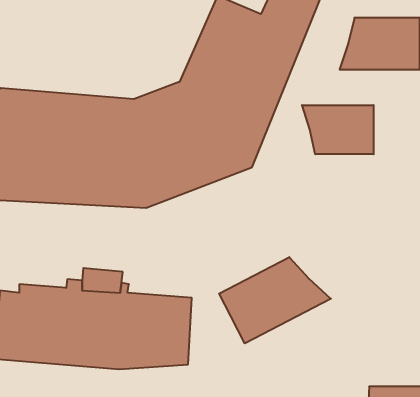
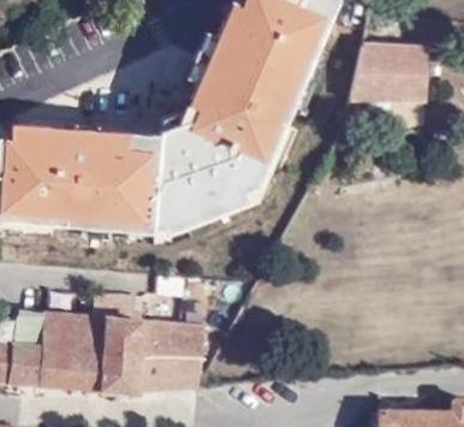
building: [302,105,374,154] -> none
building: [219,257,331,343] -> none

